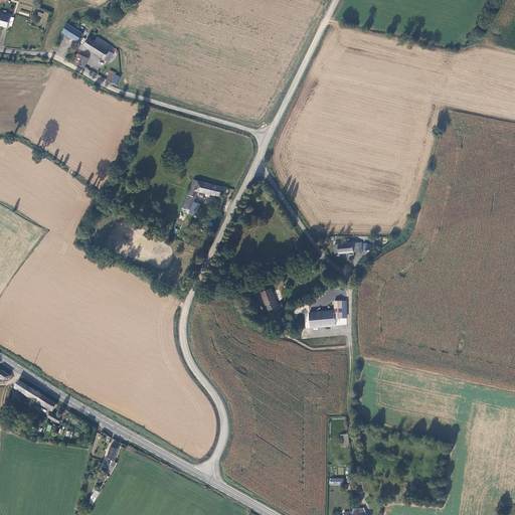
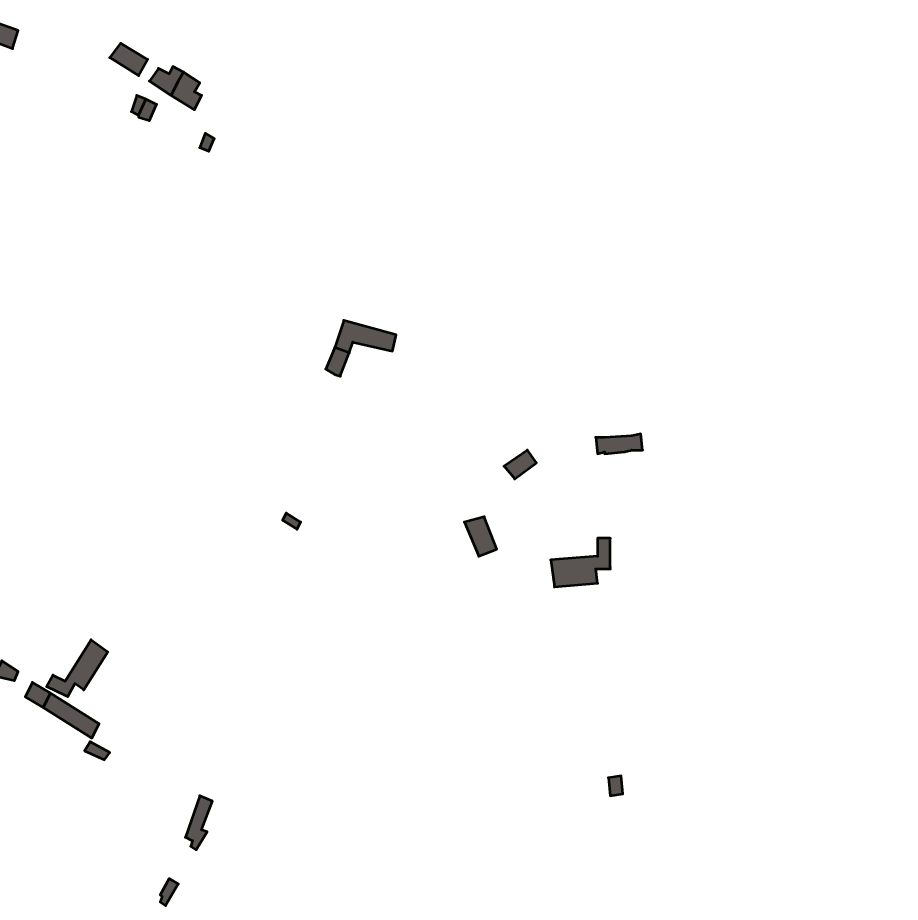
building: none -> [47,640,108,697]

